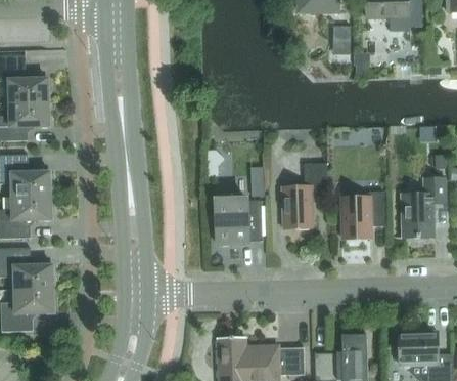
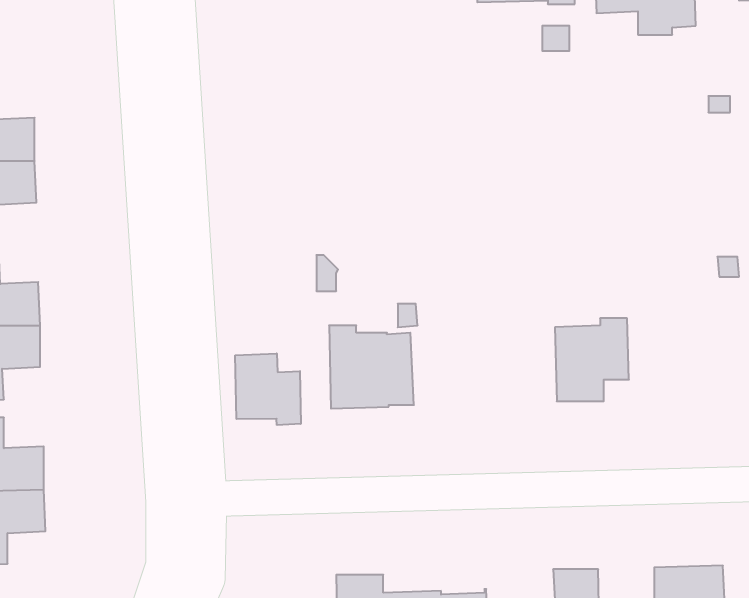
building: [282,163,328,228] -> none
building: [396,177,446,238] -> none
building: none -> [235,353,301,425]

